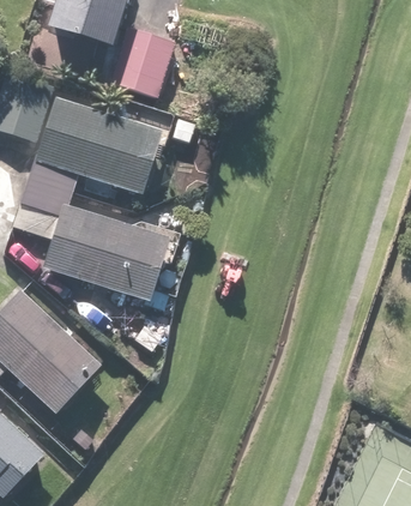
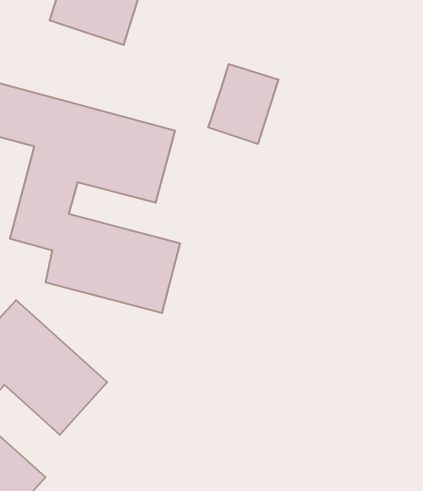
building: [108,25,174,100] -> [208,64,279,144]

